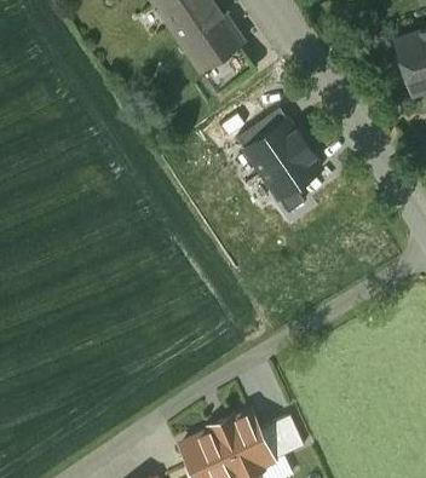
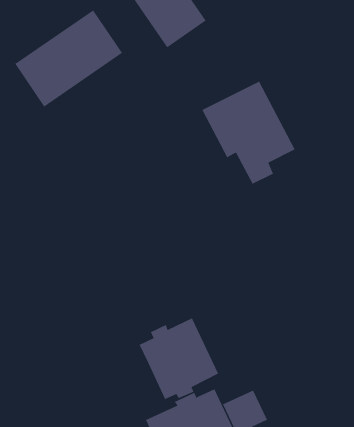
building: none -> [14,9,123,107]
building: none -> [139,318,219,400]

